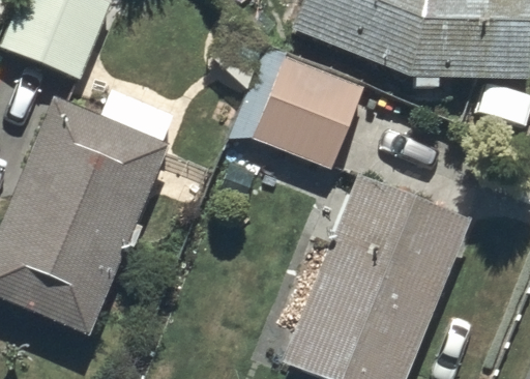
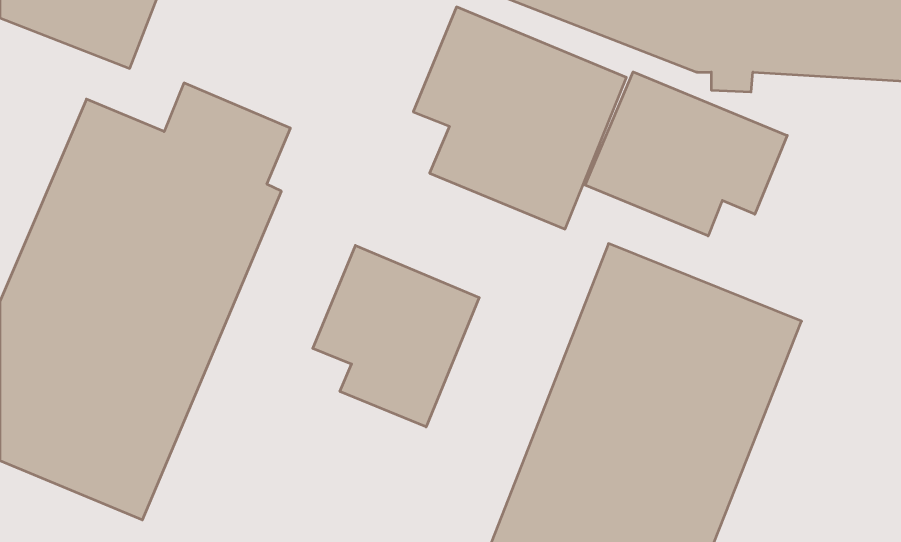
building: none -> [585,72,787,236]
building: none -> [313,245,479,427]

